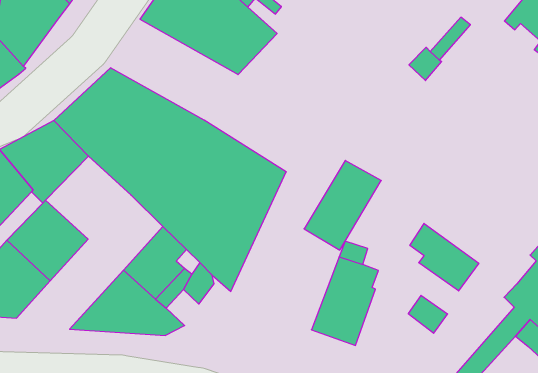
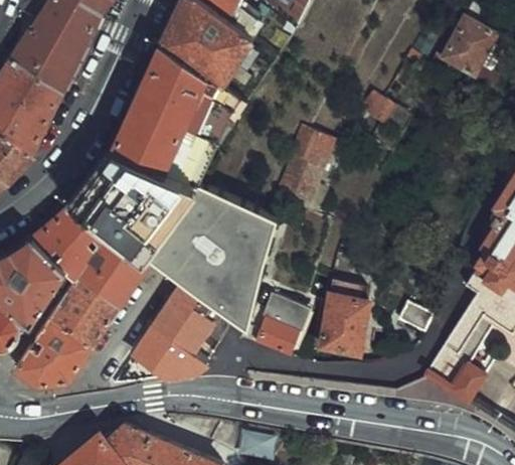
building: none -> [109,108,219,184]
building: none -> [74,230,146,301]
building: [304,160,381,250] -> [274,126,332,202]
building: [410,223,479,291] -> none
building: none -> [251,296,304,354]

